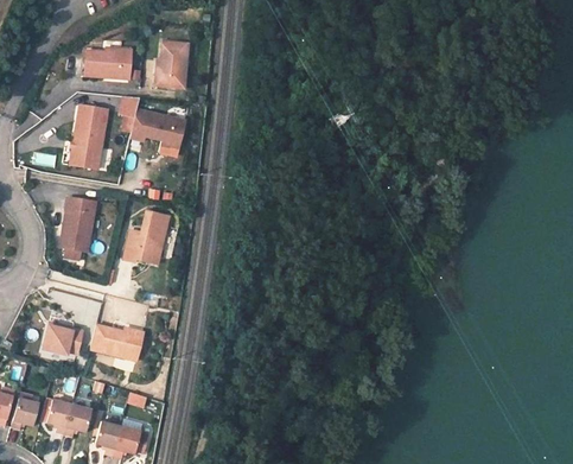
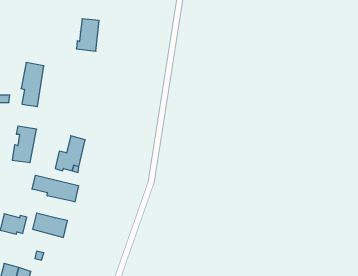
building: [84,49,132,78] -> none
building: [130,108,185,142] -> none
building: none -> [32,175,78,202]

